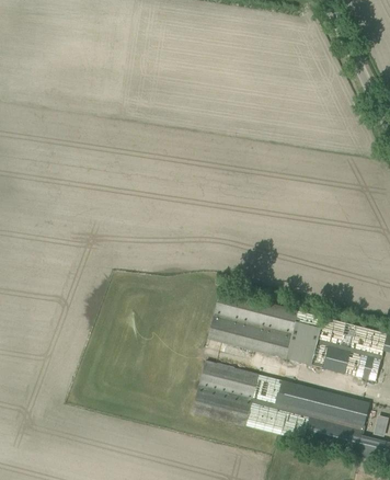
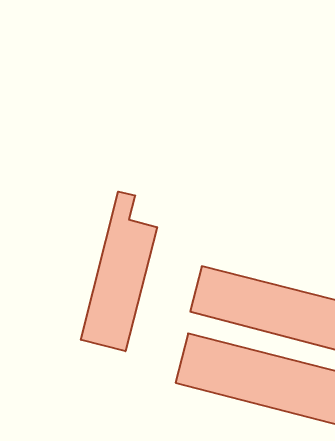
building: none -> [81,192,157,351]

